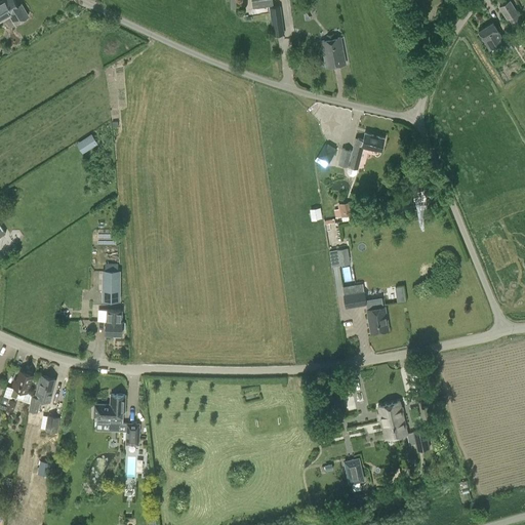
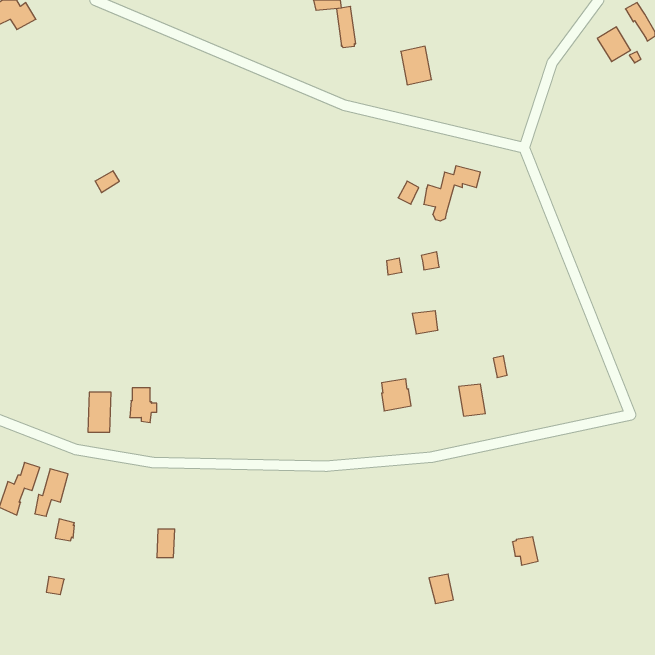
building: [102,271,120,302] -> [88,392,111,432]
building: [342,284,366,310] -> [382,379,411,411]
building: [92,395,124,426] -> none
building: [377,402,407,439] -> none

